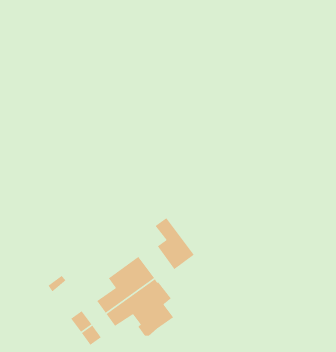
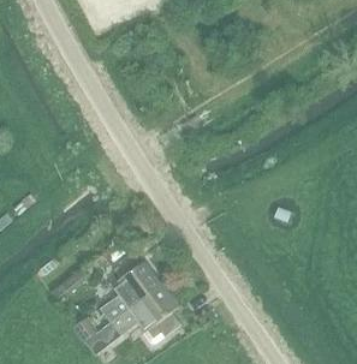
building: [155,217,195,270] -> none

